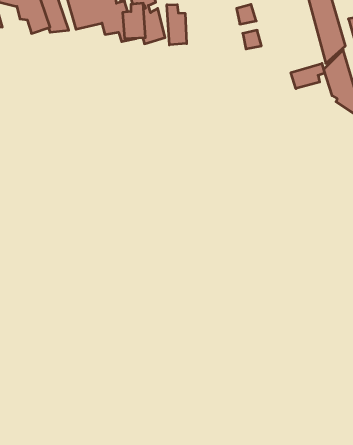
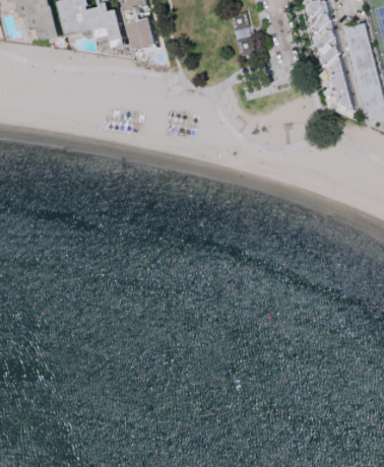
building: [167,5,187,45] -> none
building: [291,63,325,89] -> none

